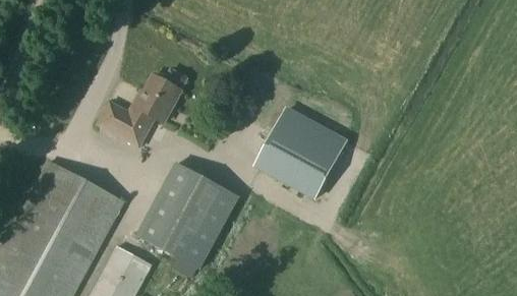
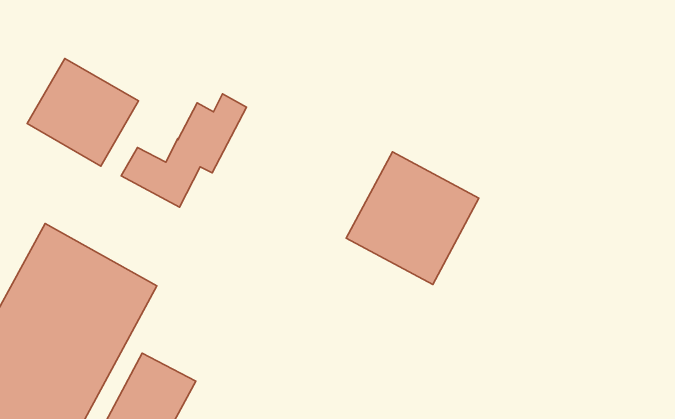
building: none -> [27,58,139,166]
building: [133,163,235,271] -> none

